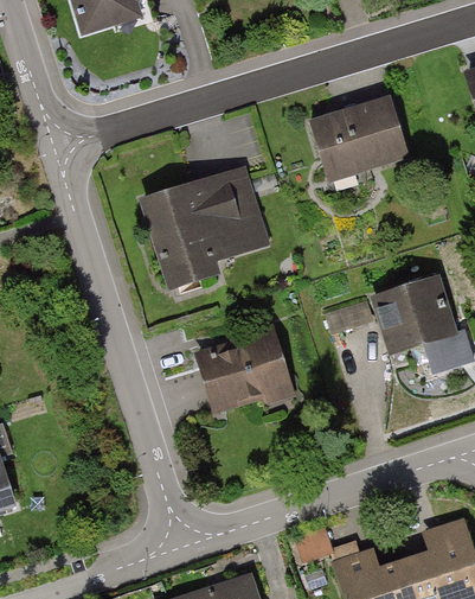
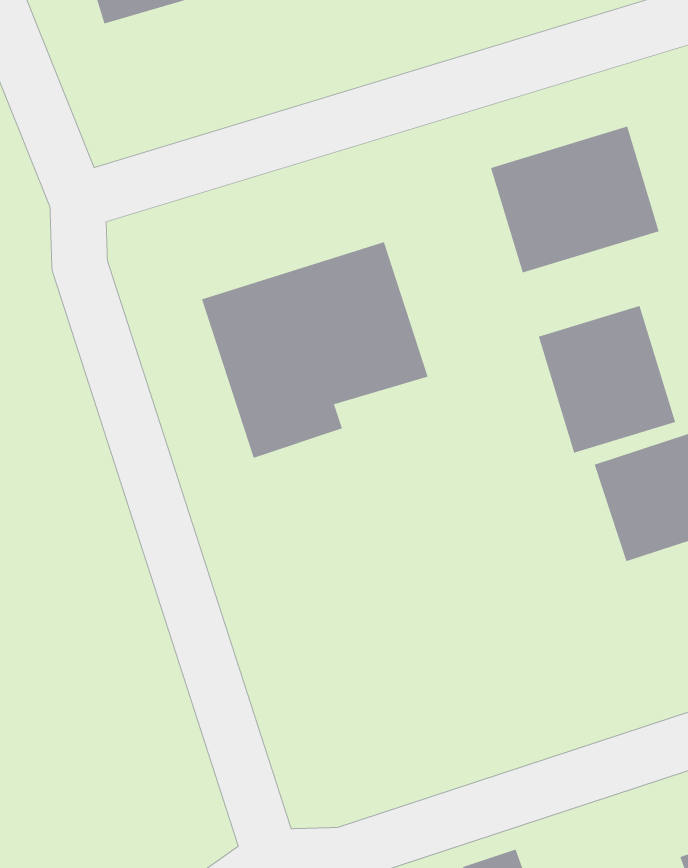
building: none -> [538,305,676,454]
building: [195,327,296,414] -> none

